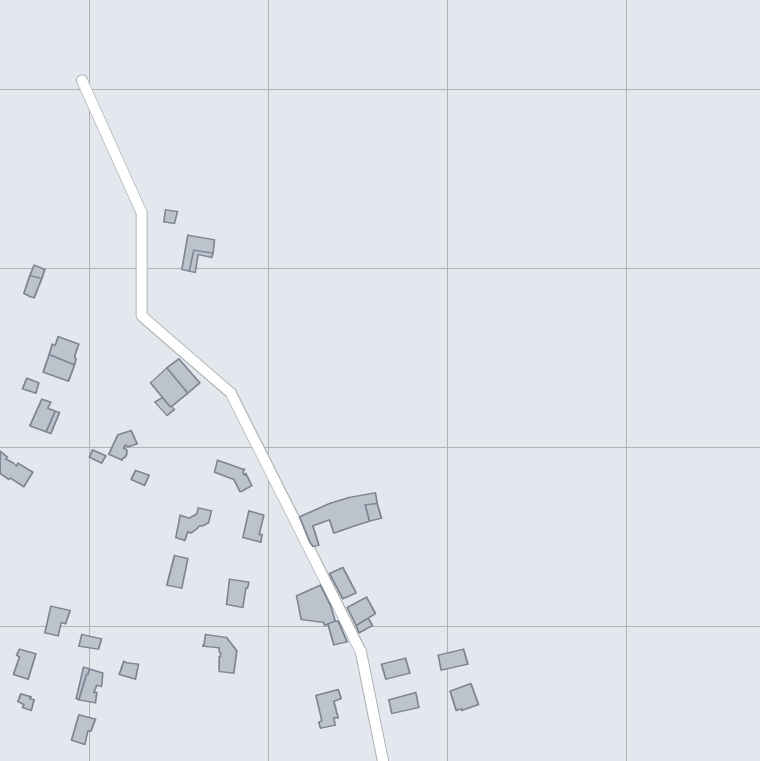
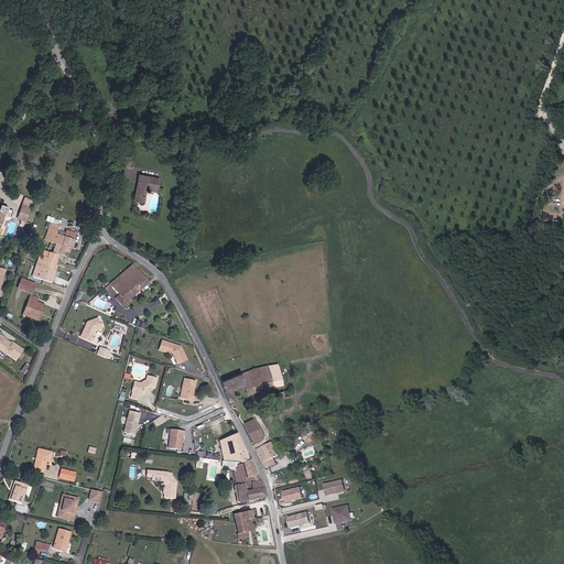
building: none -> [43,227,77,254]
building: none -> [223,459,252,502]

